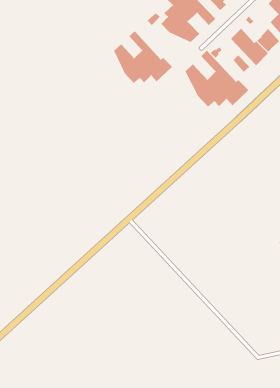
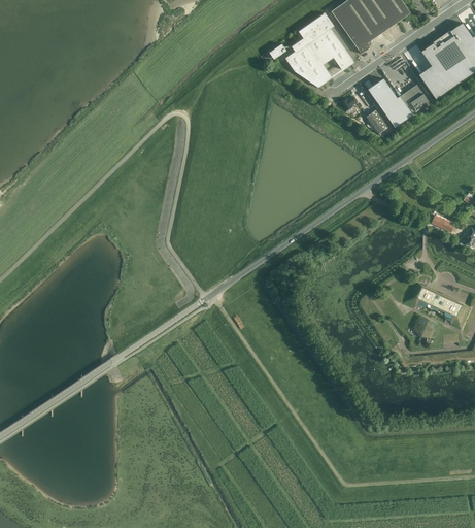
building: [113,30,173,84] -> none
building: [185,50,249,107] -> none

